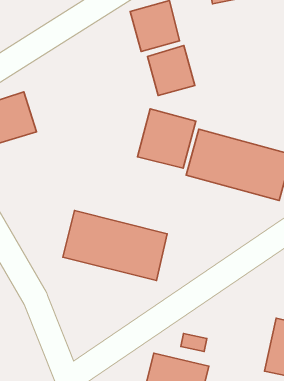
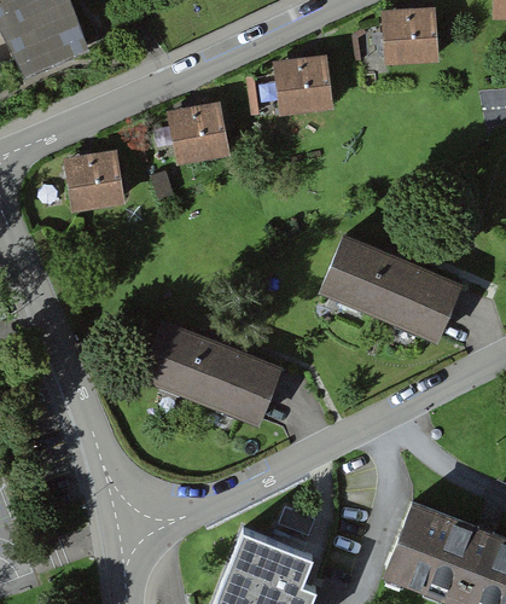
building: [148,46,195,95] -> none
building: none -> [167,104,231,169]
building: [137,109,196,168] -> none

